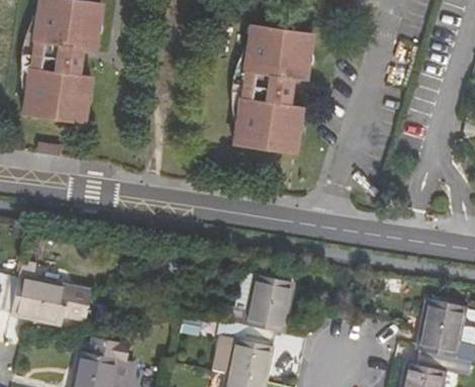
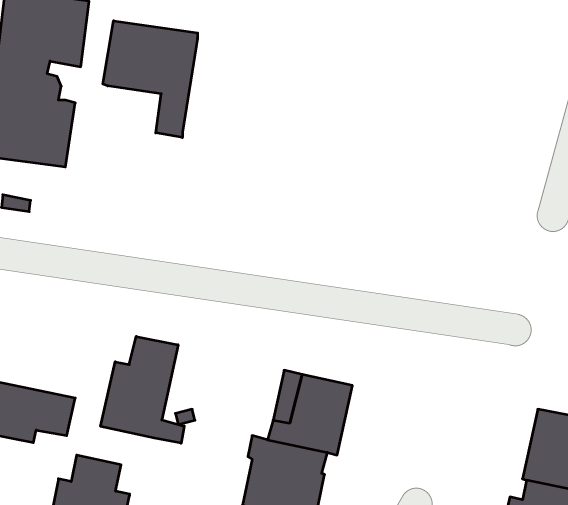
building: none -> [103,21,198,138]
building: [234,24,314,154] -> none
building: none -> [101,336,184,443]

